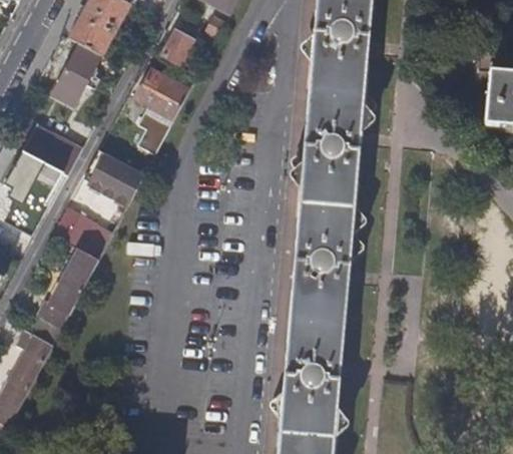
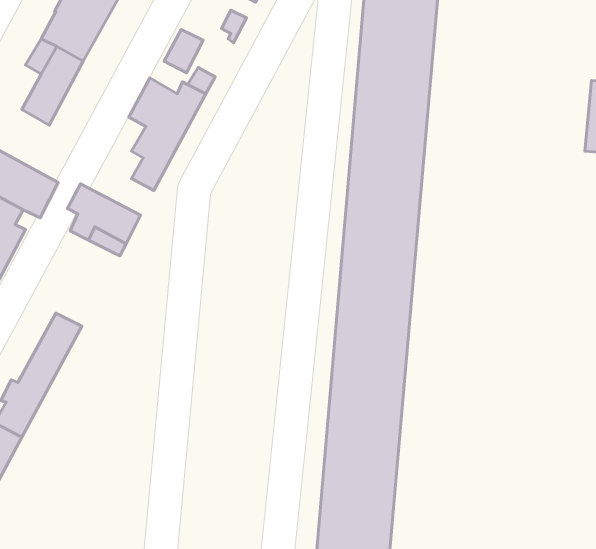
building: [52,206,114,259] -> none

